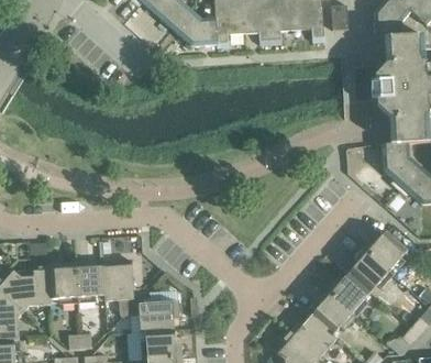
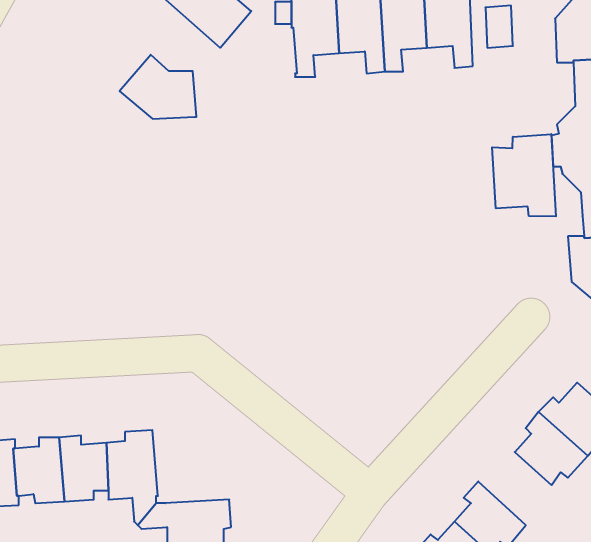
building: [172,8,218,46] -> [120,55,196,119]
building: none -> [492,134,556,216]
building: [327,273,371,317] -> none

